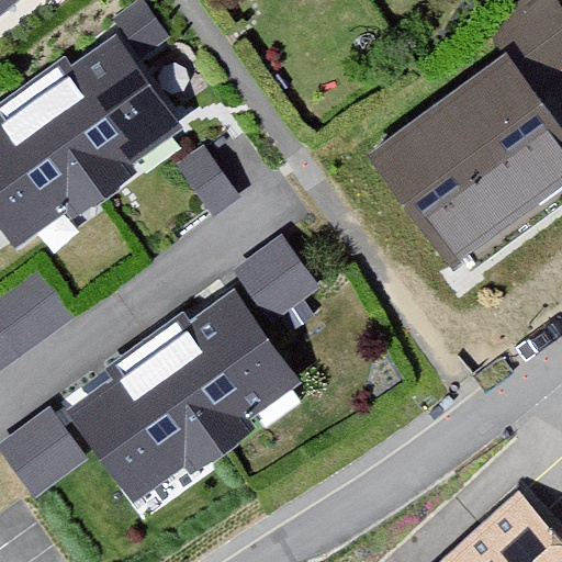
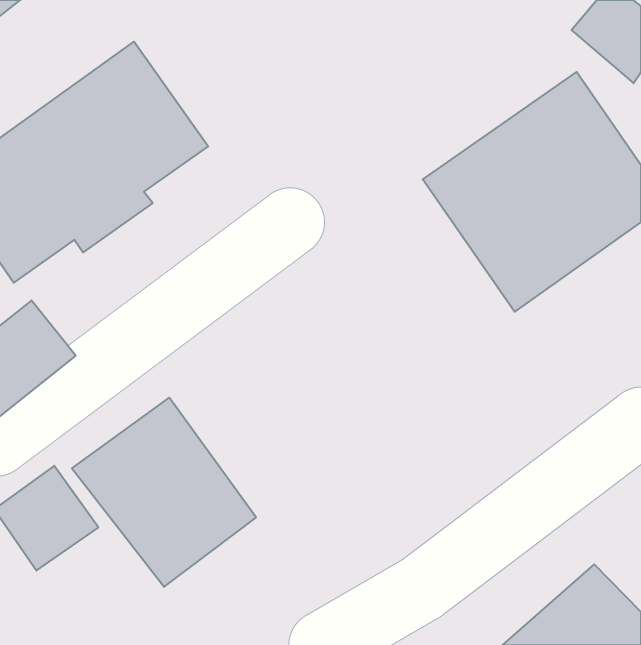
building: [231,232,316,318] -> none
building: [147,285,302,450] -> none

